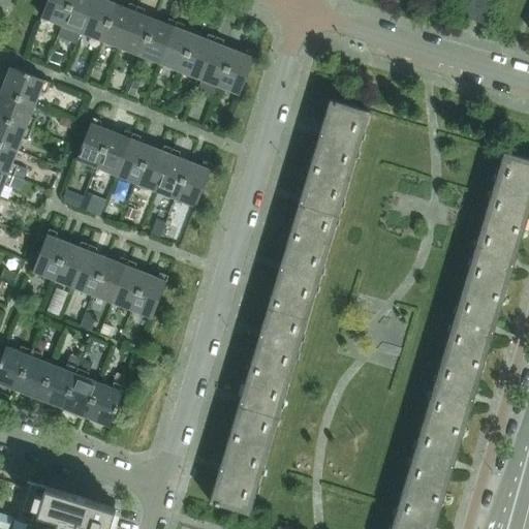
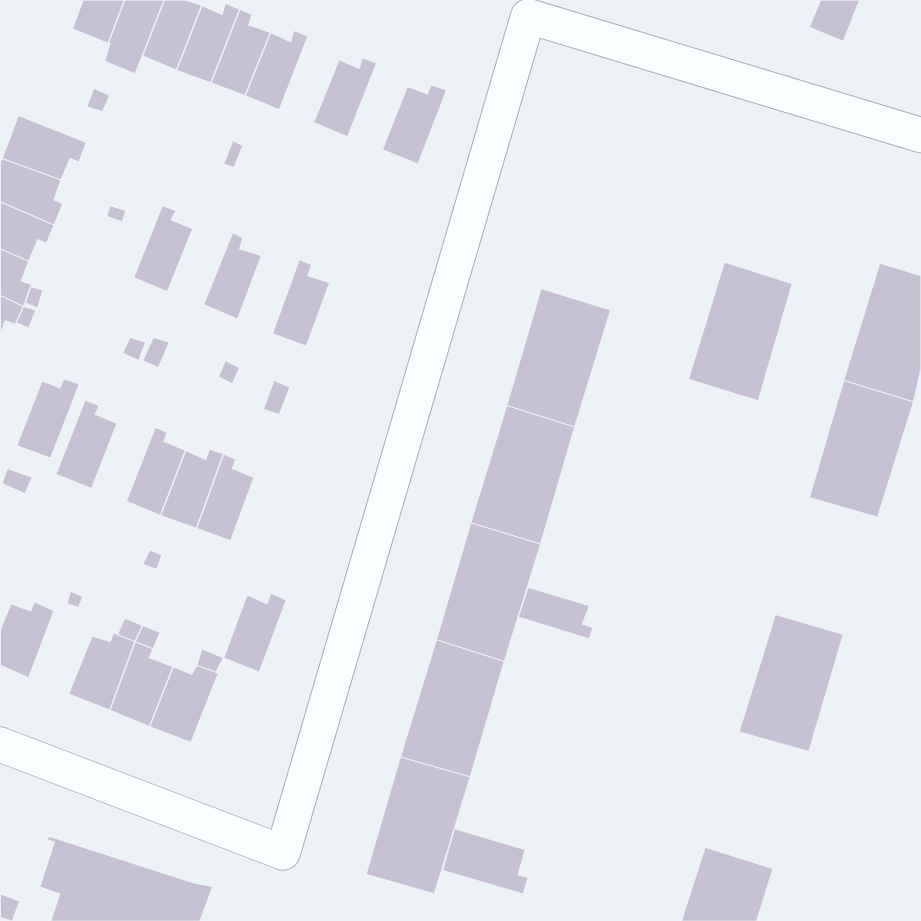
building: [160,21,194,70] -> none
building: [199,36,234,86] -> none
building: [310,98,370,178] -> [688,262,793,401]
building: [96,130,133,175] -> none
building: [136,146,172,191] -> none
building: [176,161,212,207] -> none
building: [53,242,89,287] -> [17,379,80,458]
building: [132,273,168,318] -> [223,593,287,672]
building: [444,285,503,364] -> none
building: none -> [518,587,593,639]
building: [17,350,53,398] -> none
building: [404,419,464,498] -> none
building: none -> [443,829,528,894]

